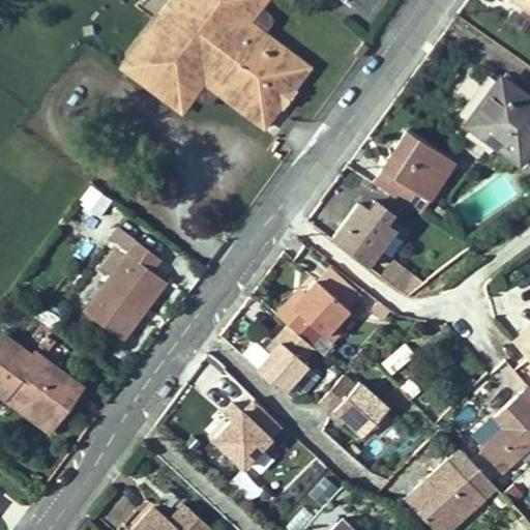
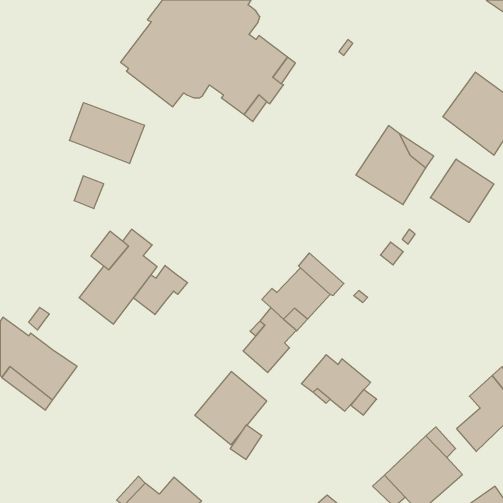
building: none -> [70,103,144,164]
building: none -> [430,159,494,222]
building: [332,202,395,267] -> none
building: none -> [133,265,188,315]

